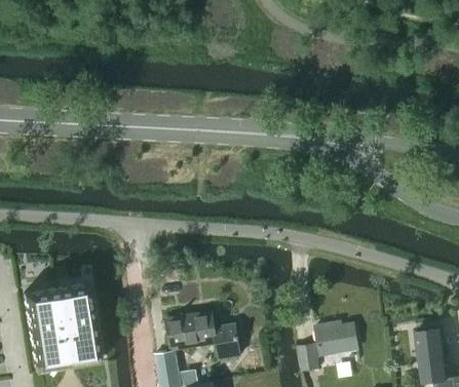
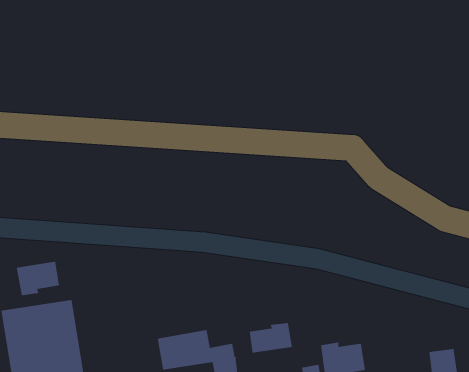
building: none -> [16,261,60,296]
building: none -> [249,322,293,353]

